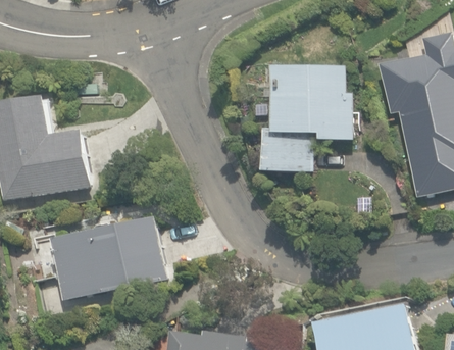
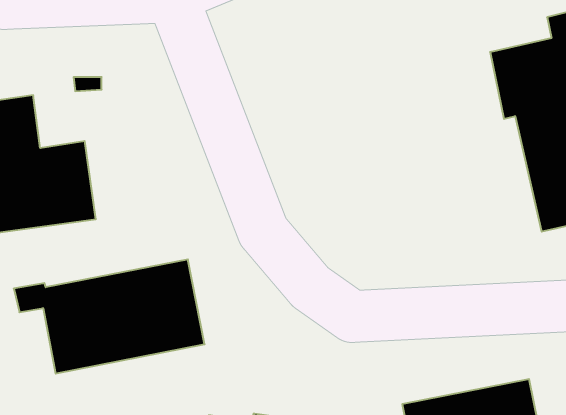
building: [261,67,351,171] -> none

